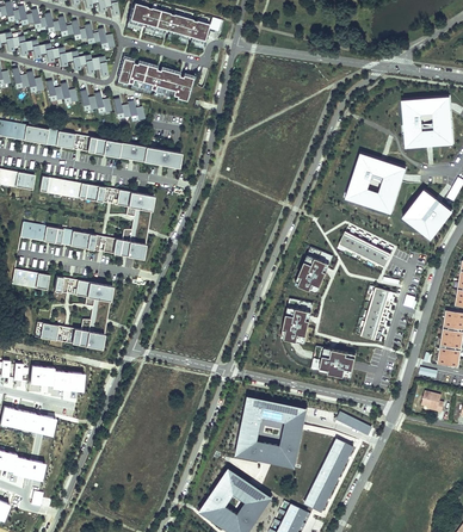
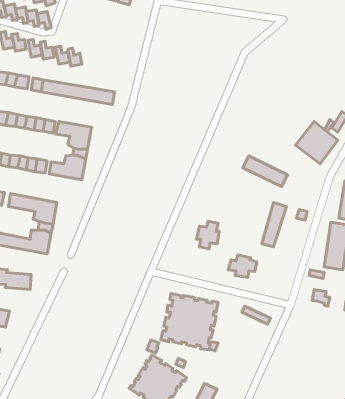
building: [116,56,192,104] -> none
building: [400,95,453,148] -> none
building: [344,151,406,214] -> none
building: [297,258,326,290] -> none
building: [303,437,353,511] -> none

